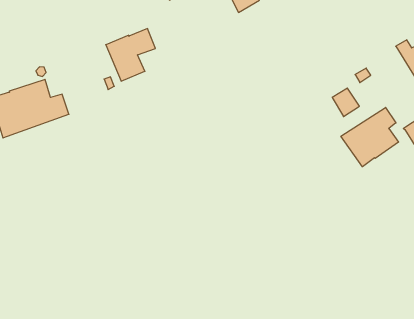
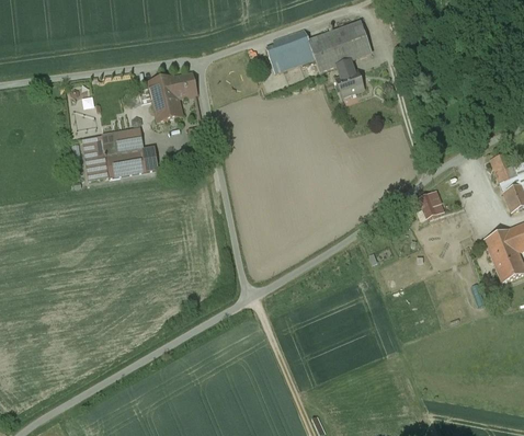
building: [106,29,155,81] -> [149,72,197,119]
building: [341,107,399,167] -> none

